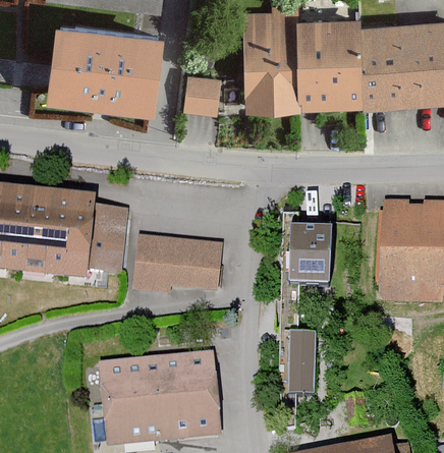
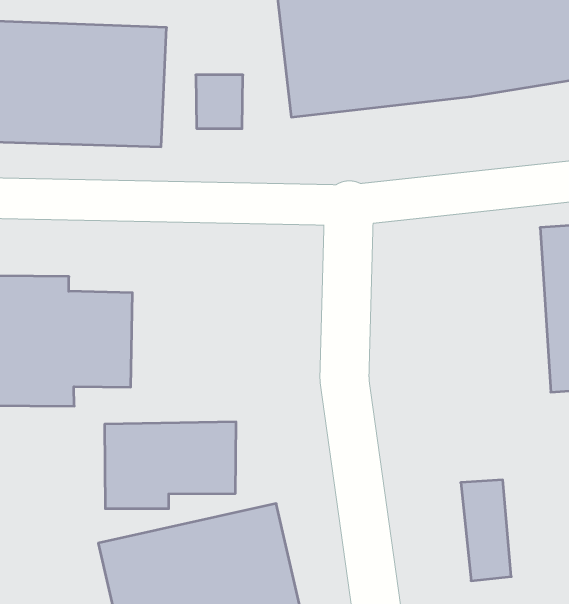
building: [274,231,328,289] -> none
building: [136,233,224,290] -> [105,422,236,509]
building: [281,336,308,398] -> [461,480,511,581]

